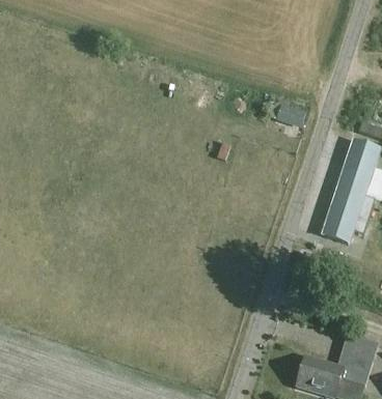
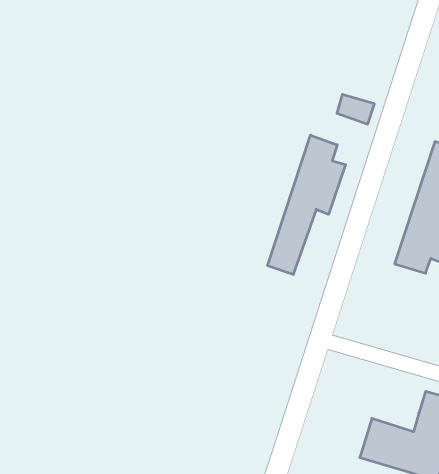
building: none -> [268,135,346,275]

